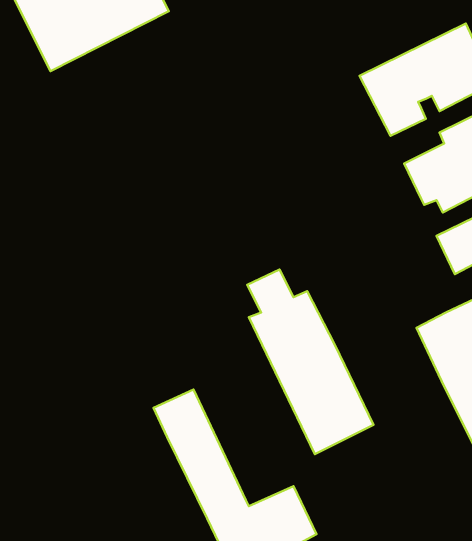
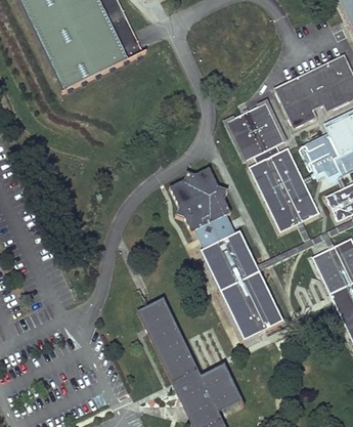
building: none -> [222,99,319,233]
building: none -> [170,169,230,232]

